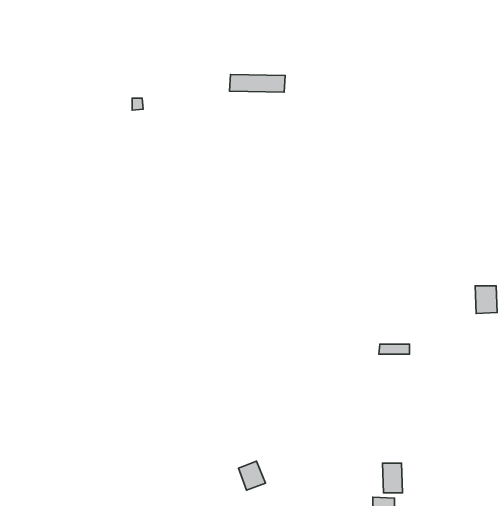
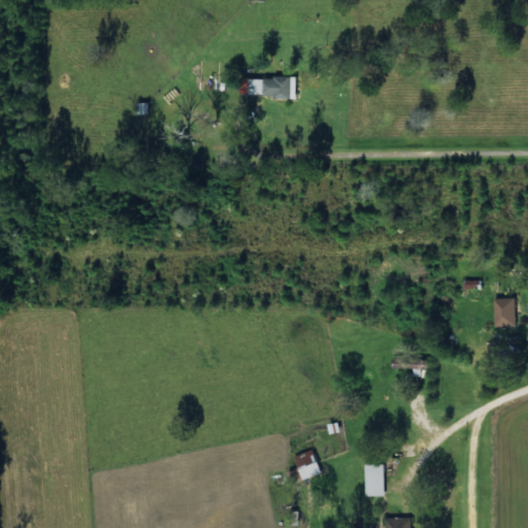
building: [239,461,265,490] -> [293,450,321,480]
building: [383,463,402,493] -> [364,465,385,496]

